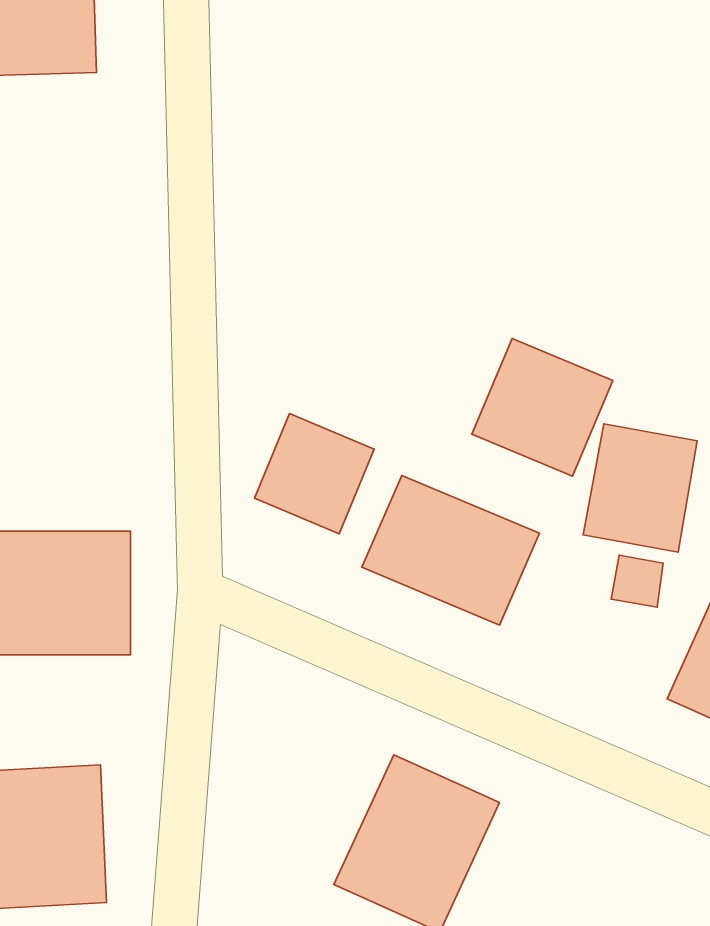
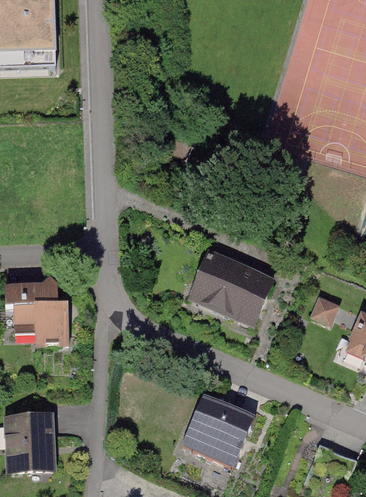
building: [472,338,613,476] -> none
building: [254,414,374,534] -> none
building: [583,424,697,552] -> none

